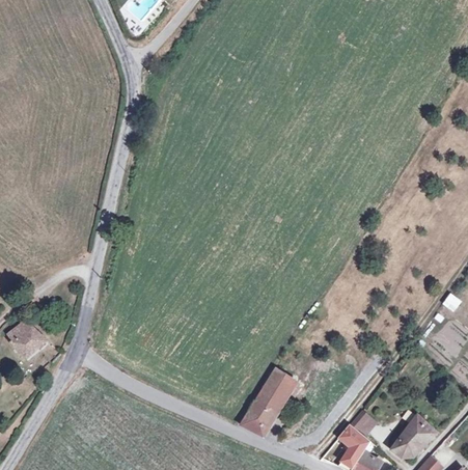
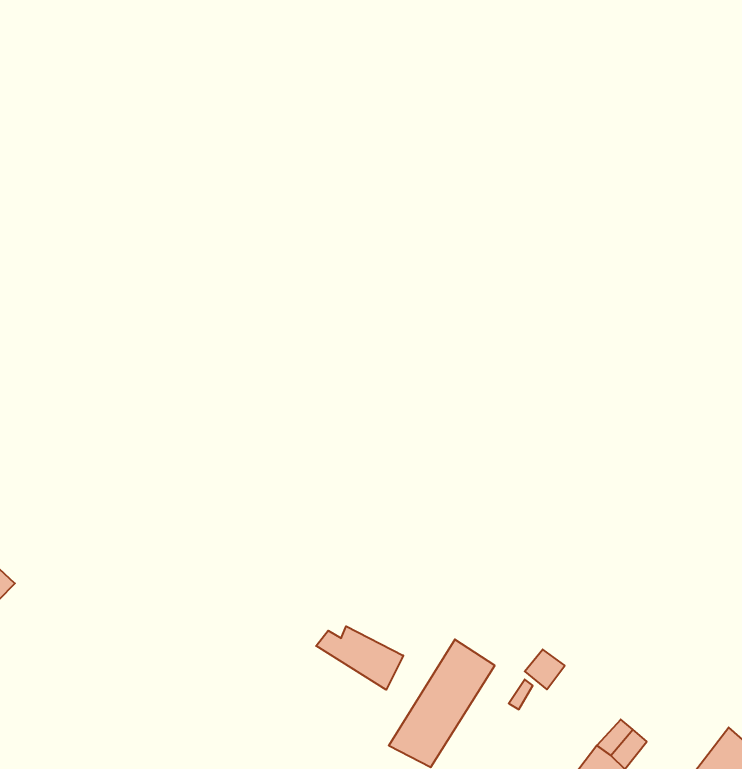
building: none -> [316,626,403,690]

